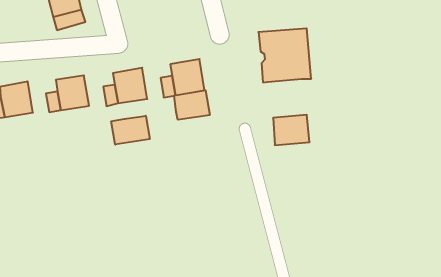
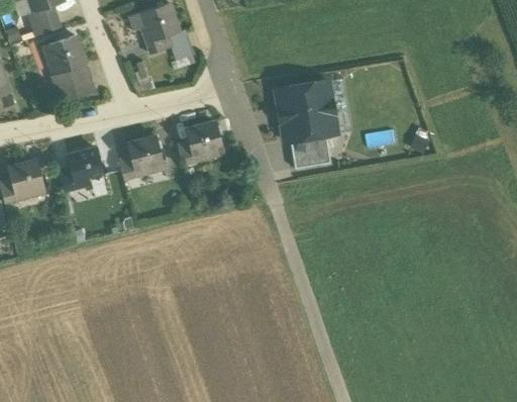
building: [174,90,210,120] -> none
building: [273,115,310,145] -> [291,133,331,168]
building: [111,116,150,145] -> none

